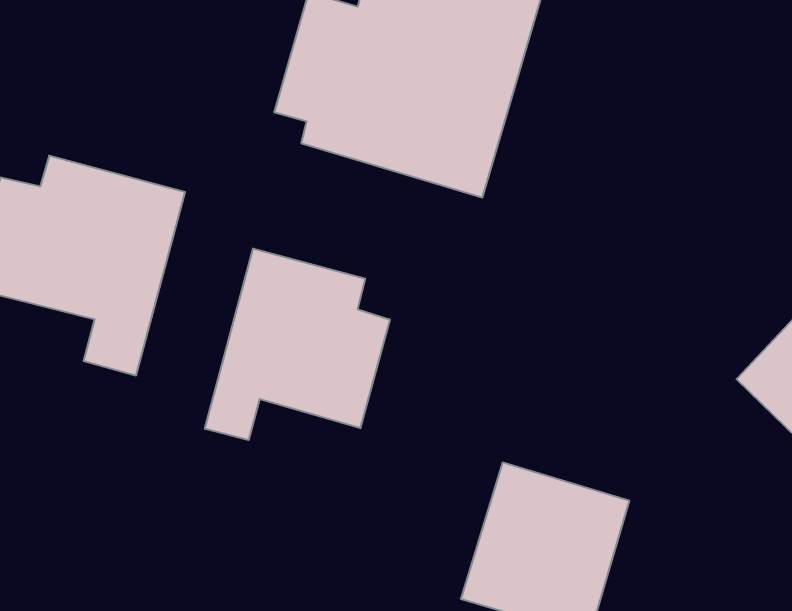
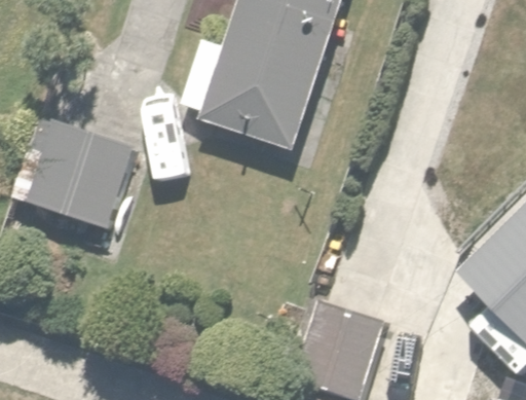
building: [205,248,390,440] -> none

